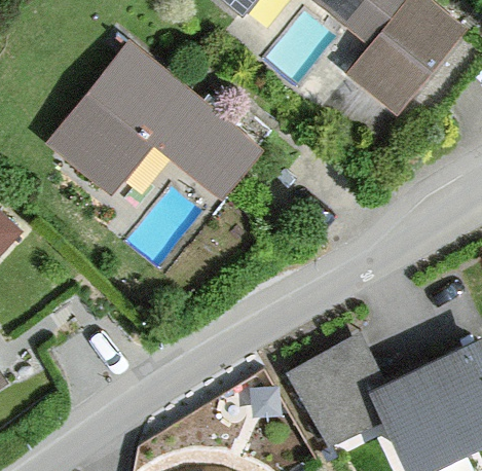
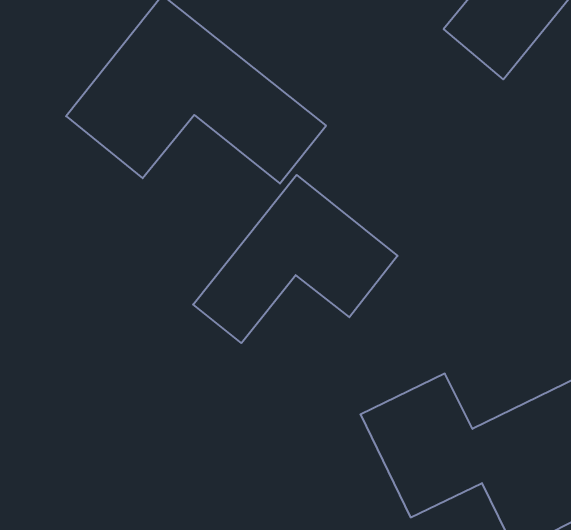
building: none -> [193,175,398,343]

